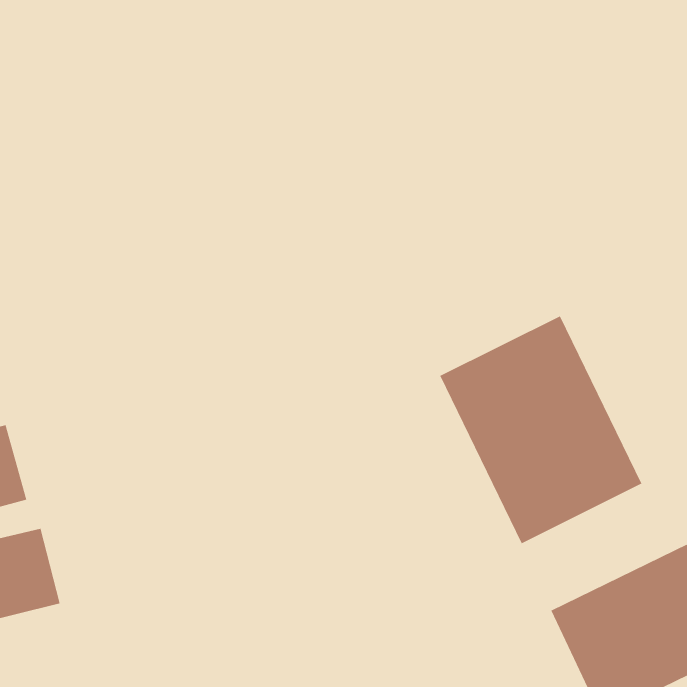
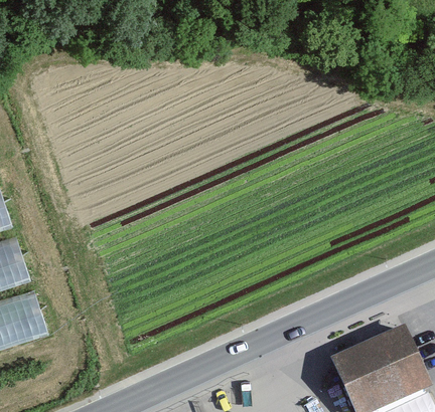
building: [440,315,642,544] -> none

